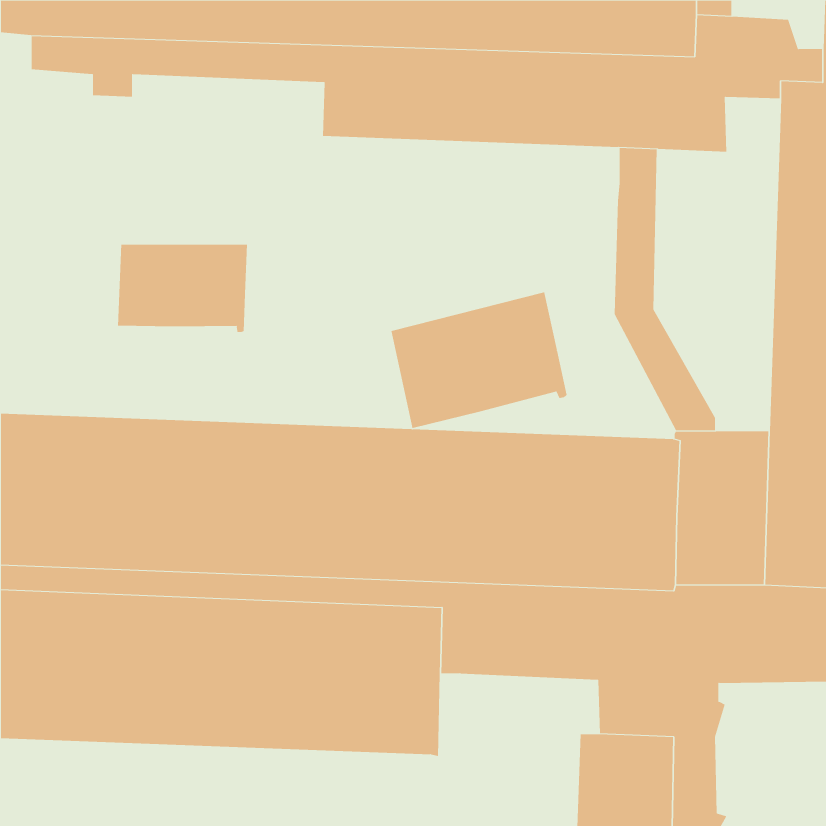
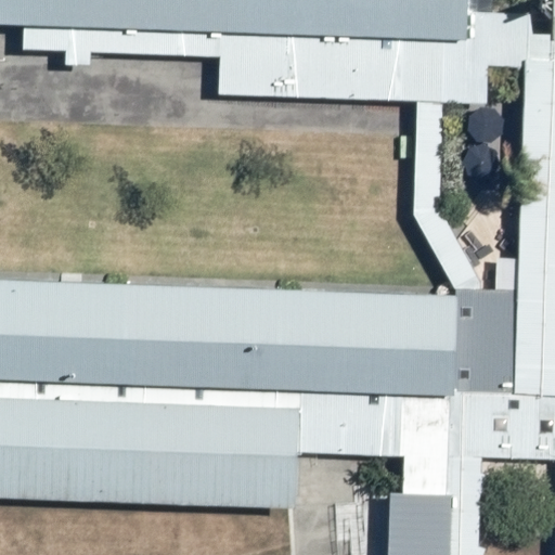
building: [118,244,247,333] -> none
building: [391,292,567,429] -> none

